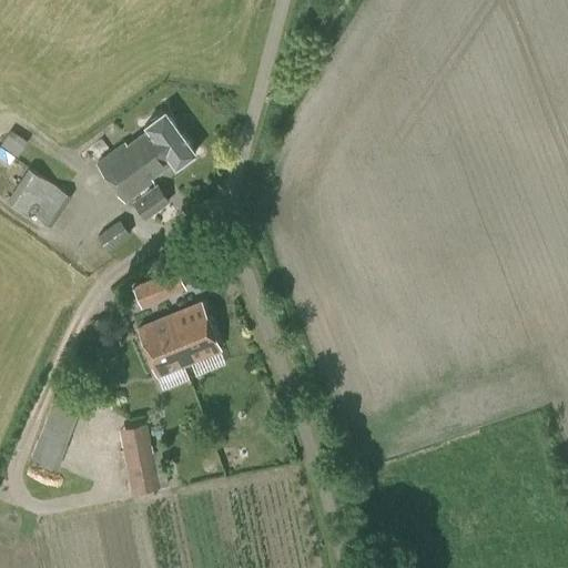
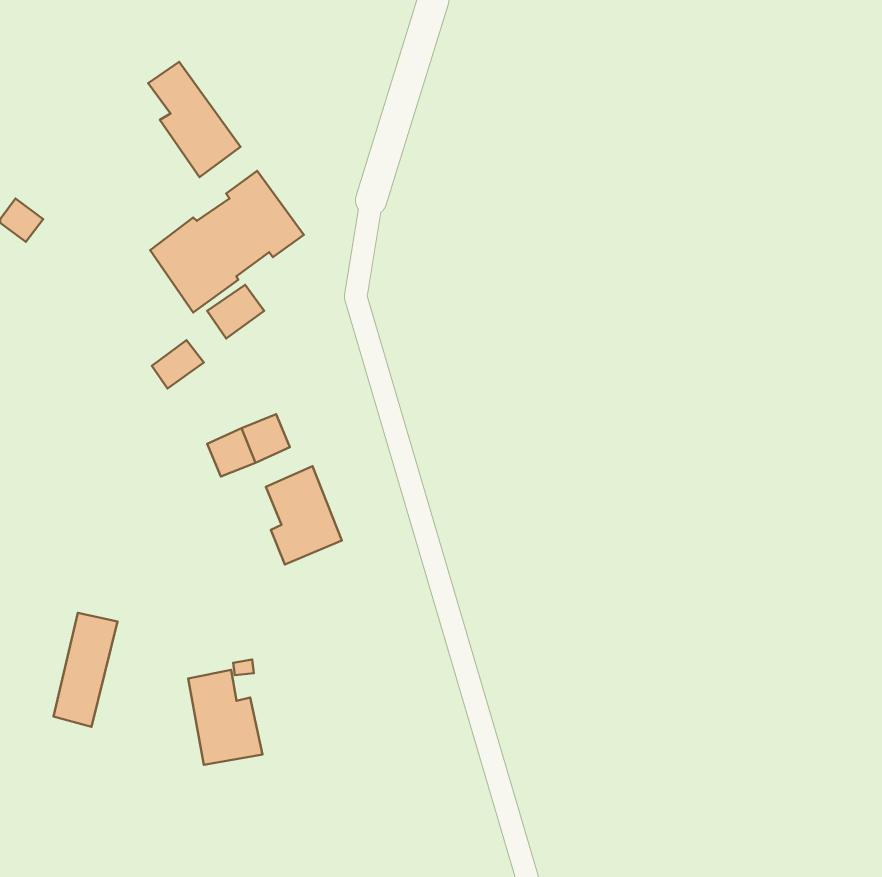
building: none -> [148,62,241,177]
building: [7,170,71,229] -> none
building: [138,316,183,376] -> none

